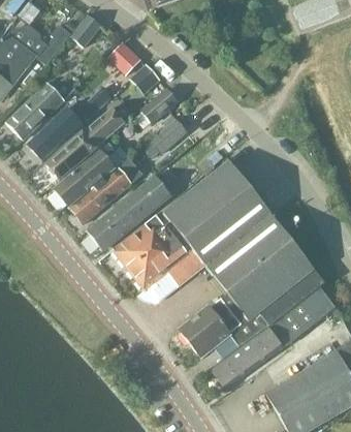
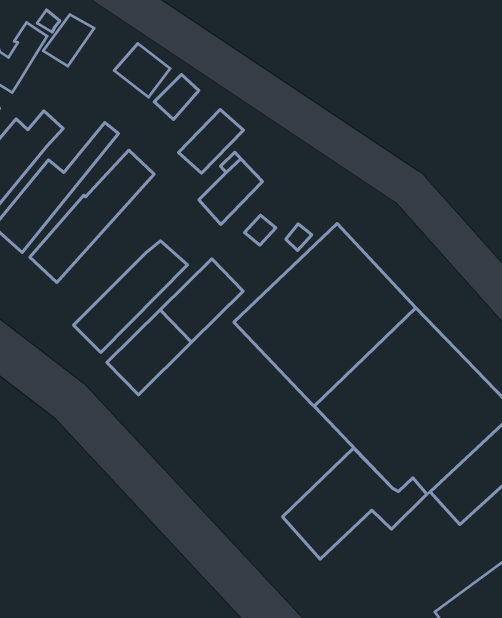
building: [57,143,117,205] -> none
building: [116,210,205,303] -> none
building: [212,326,282,387] -> none

